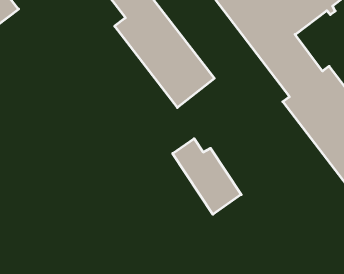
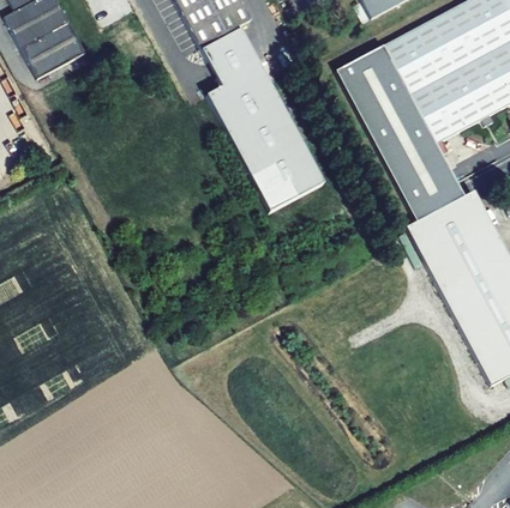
building: [173,139,241,214] -> none

